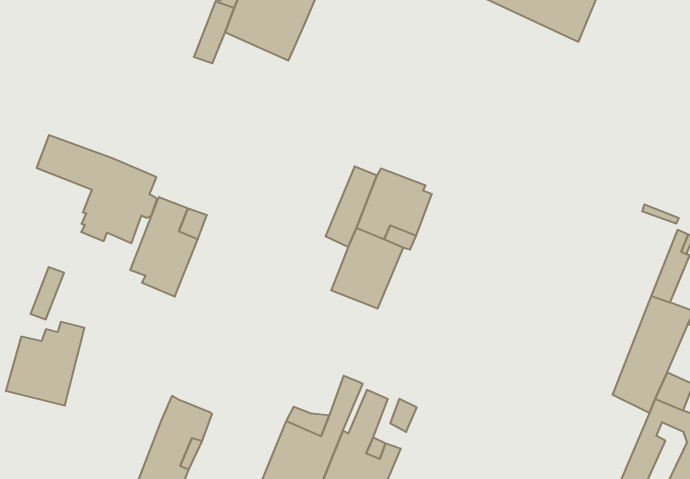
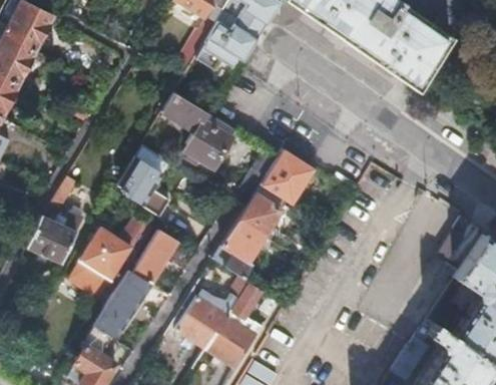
building: [37,135,157,243] -> [162,91,235,166]
building: none -> [213,220,266,279]
building: none -> [68,214,155,300]
building: none -> [133,230,177,283]

